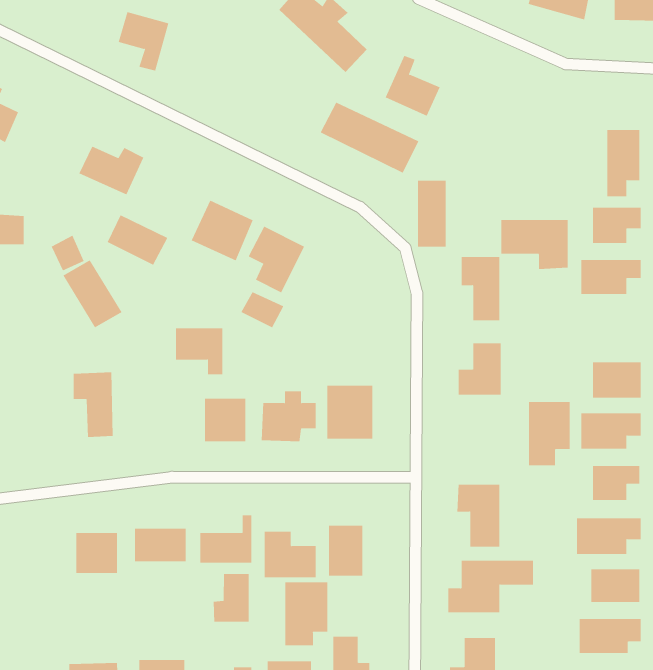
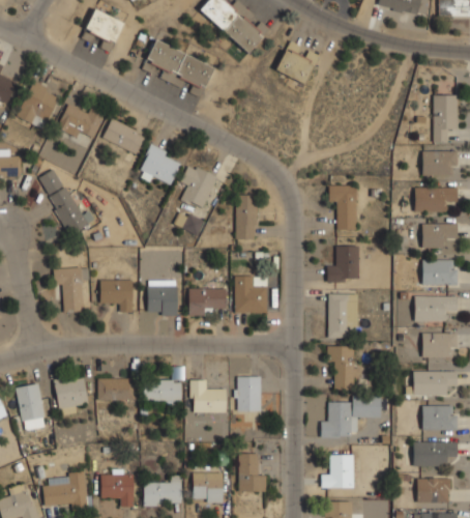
building: [320,102,419,173] -> [145,39,215,90]
building: none -> [18,81,59,128]
building: [417,180,446,247] -> [236,195,257,242]
building: [107,214,168,265] -> [102,118,146,154]
building: [501,219,568,270] -> none
building: none -> [421,223,458,248]
building: [175,328,223,375] -> [99,280,134,313]
building: [528,401,570,466] -> [328,293,358,339]
building: none -> [16,383,46,431]
building: [213,573,249,622] -> none
building: [285,581,328,646] -> none

